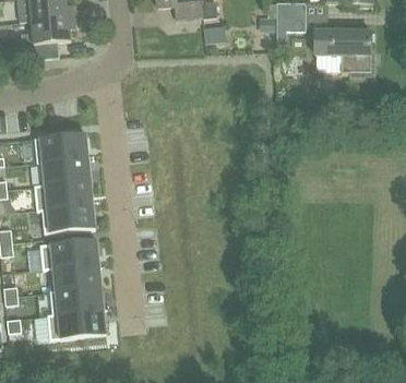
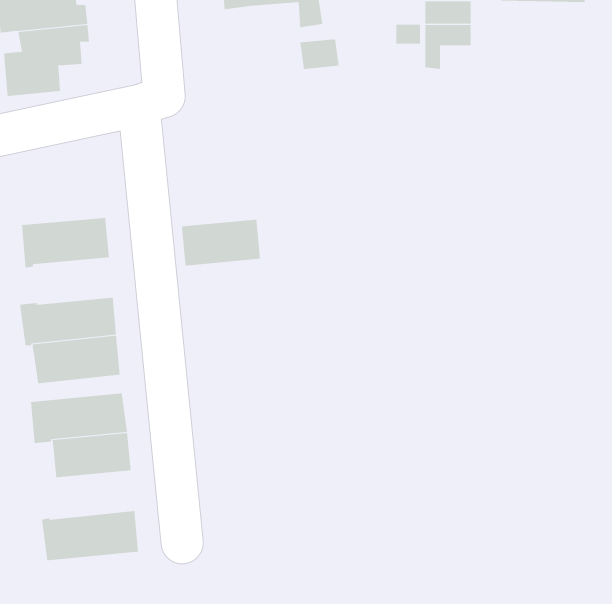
building: [315,28,374,76] -> none
building: [41,156,89,184] -> [181,219,261,266]
building: [49,285,103,313] -> none

